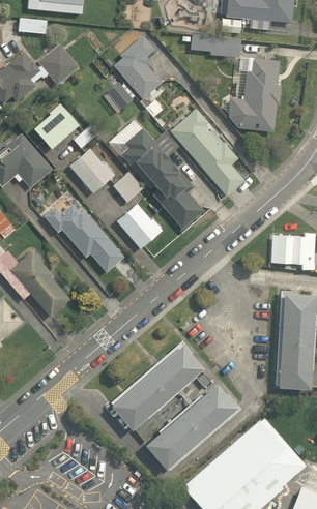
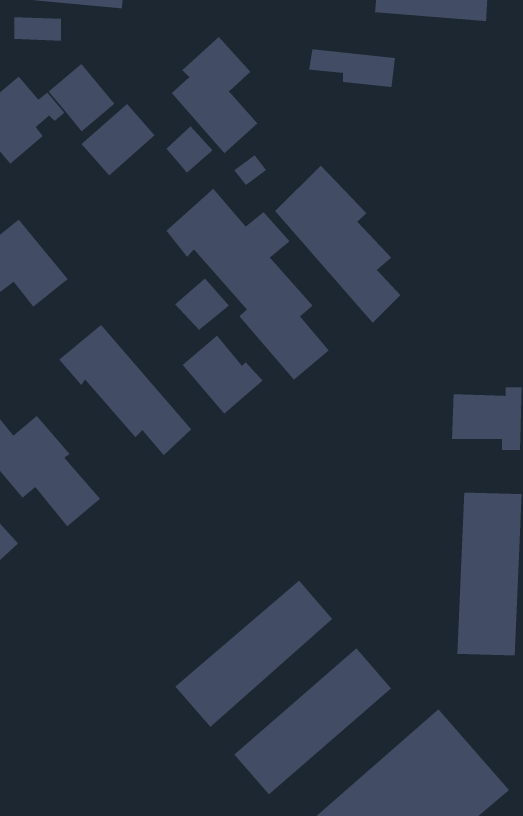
building: [231,53,286,132] -> none
building: [33,106,77,148] -> [81,103,156,176]
building: [68,148,115,193] -> none

